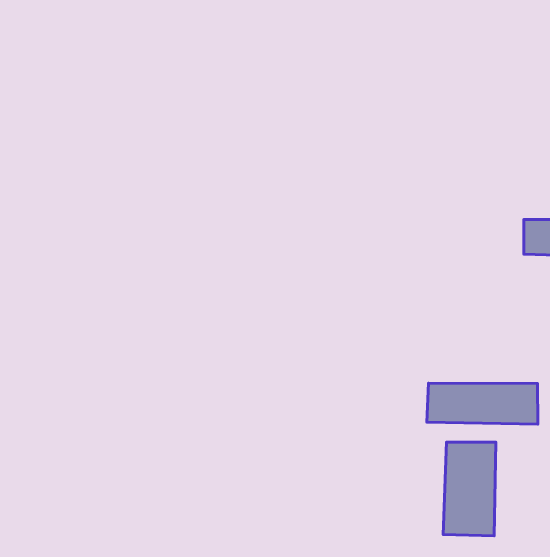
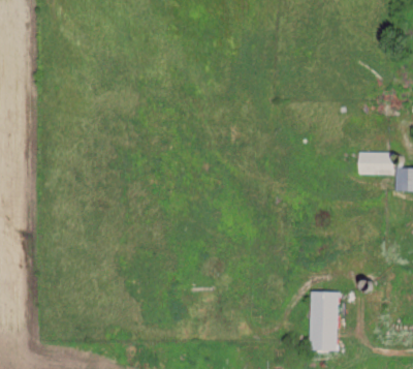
building: [427,383,538,424] -> none

